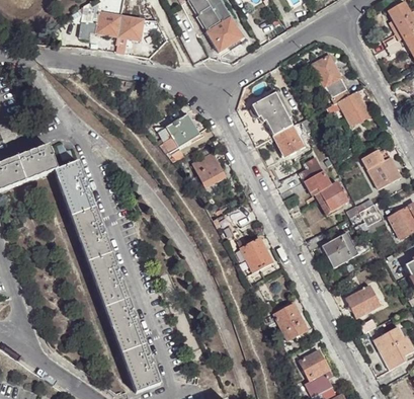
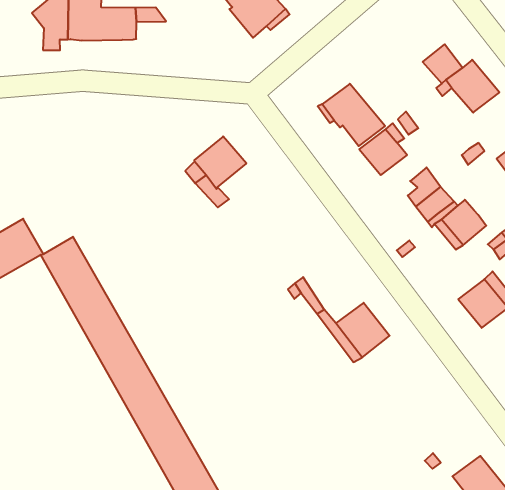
building: [313,56,341,87] -> none
building: [193,153,226,188] -> none
building: [274,302,309,339] -> none

